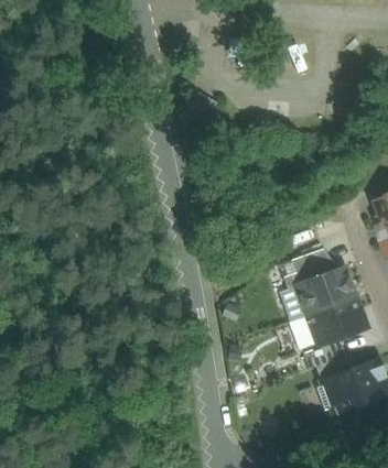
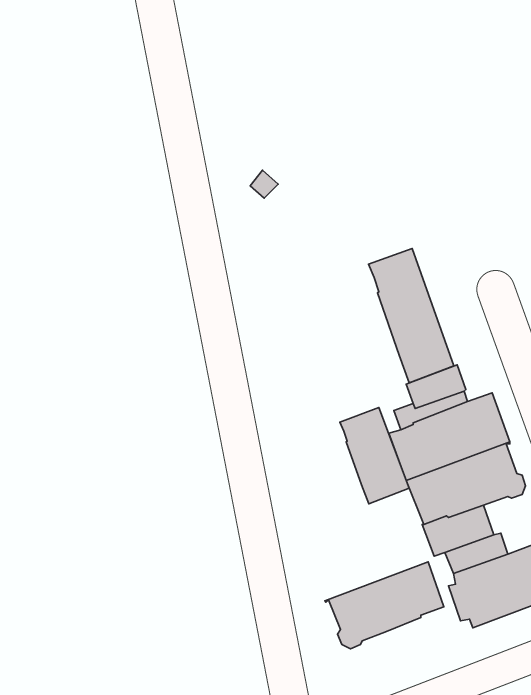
building: none -> [368,249,454,383]
building: none -> [340,407,409,504]
building: none -> [325,562,444,649]

